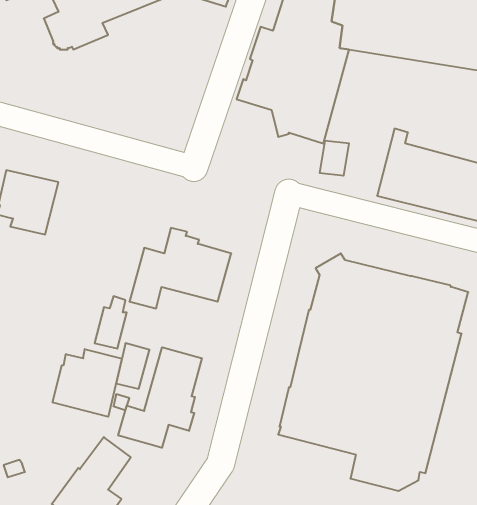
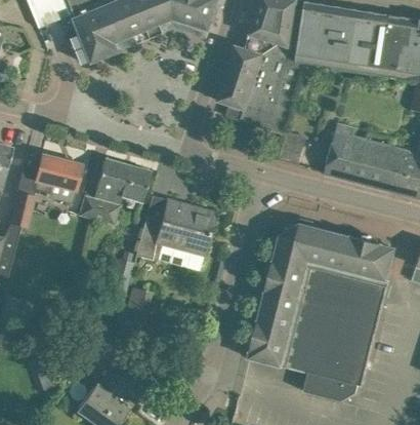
building: none -> [80,158,151,219]
building: [118,347,202,448] -> none
building: [53,349,122,417] -> none

